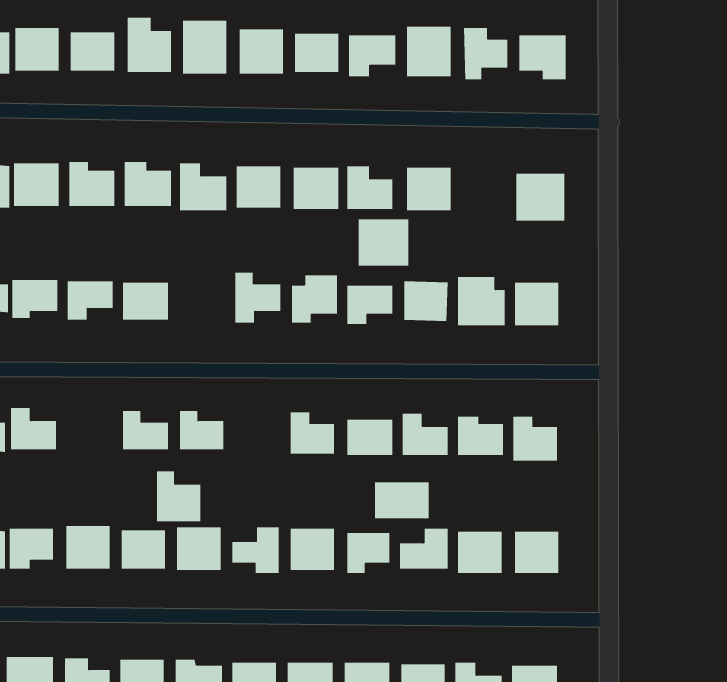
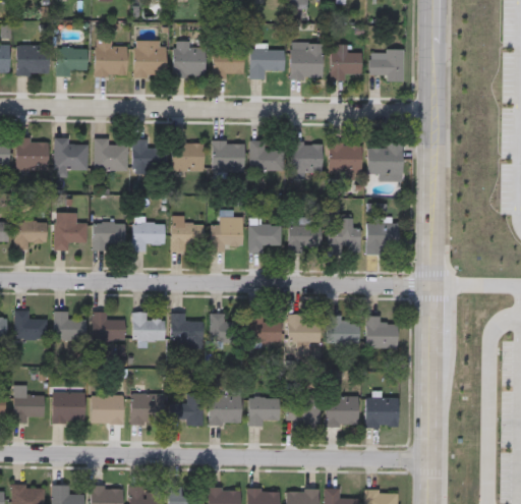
building: none -> [329,144,361,178]
building: [358,218,409,266] -> none
building: none -> [132,223,164,250]
building: none -> [54,312,86,339]
building: [156,471,201,522] -> [171,313,202,348]
building: [374,481,429,519] -> none

